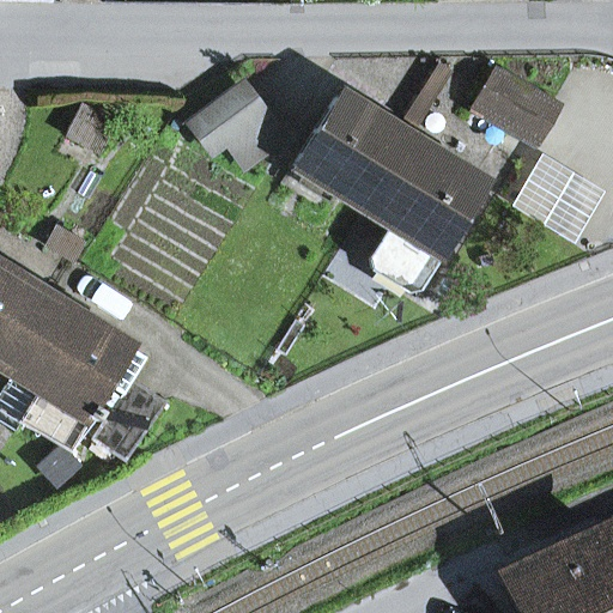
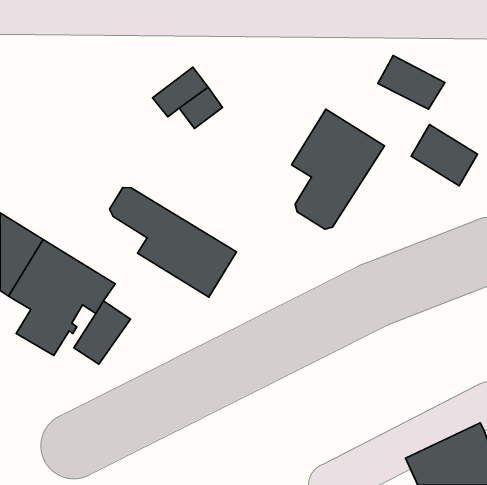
building: [296,91,411,206] -> none
building: none -> [109,188,237,297]

